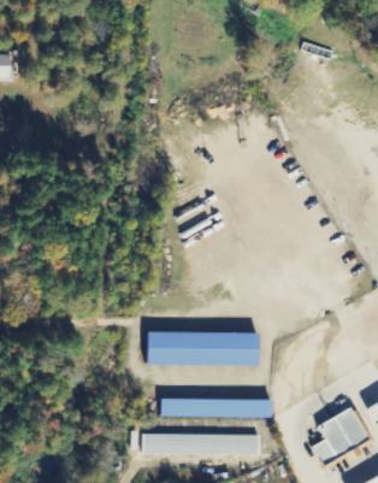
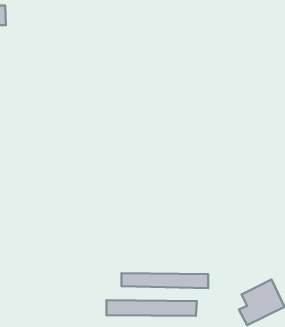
building: [150,331,262,365] -> none

